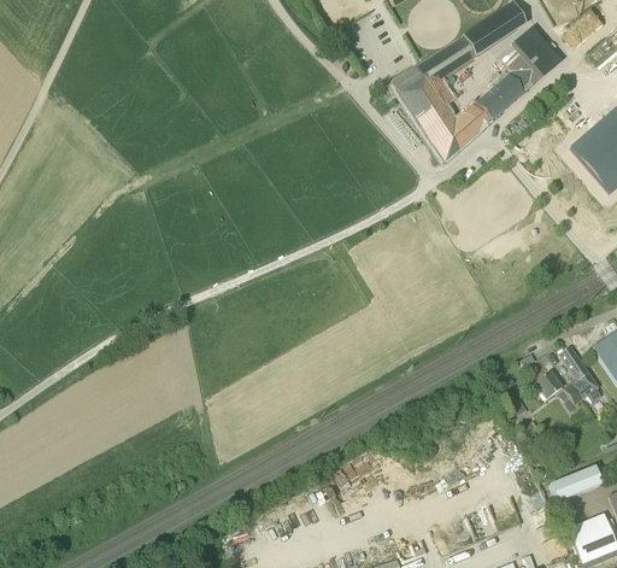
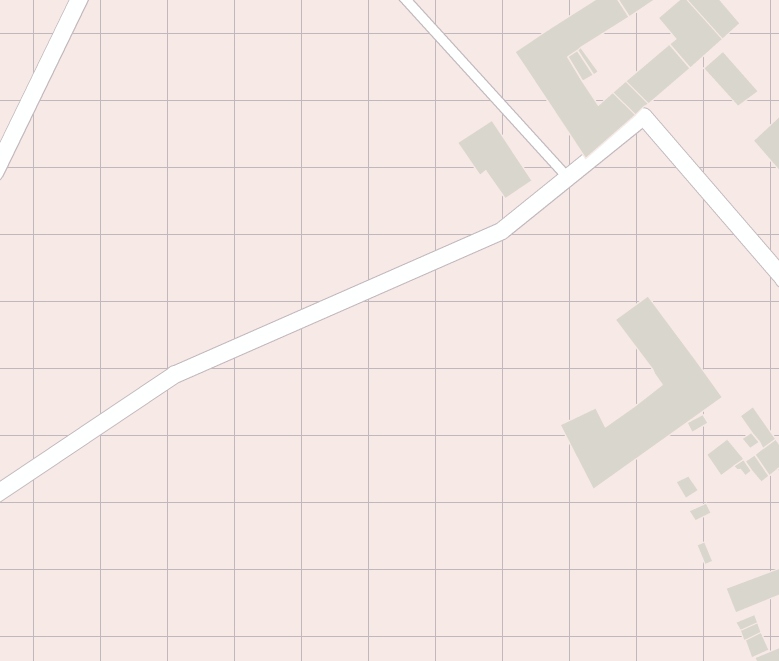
building: none -> [704,51,759,107]
building: none -> [458,120,532,199]
building: none -> [560,296,722,490]

